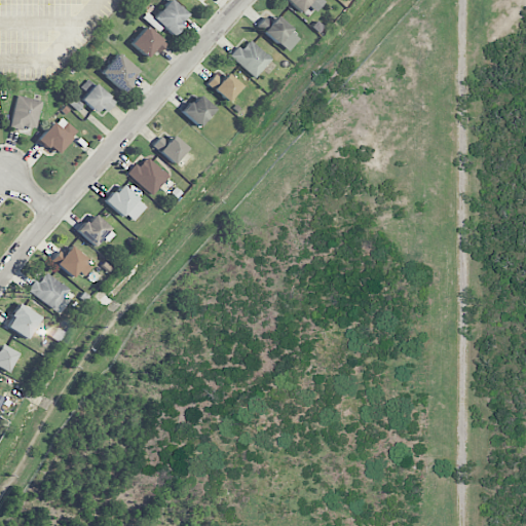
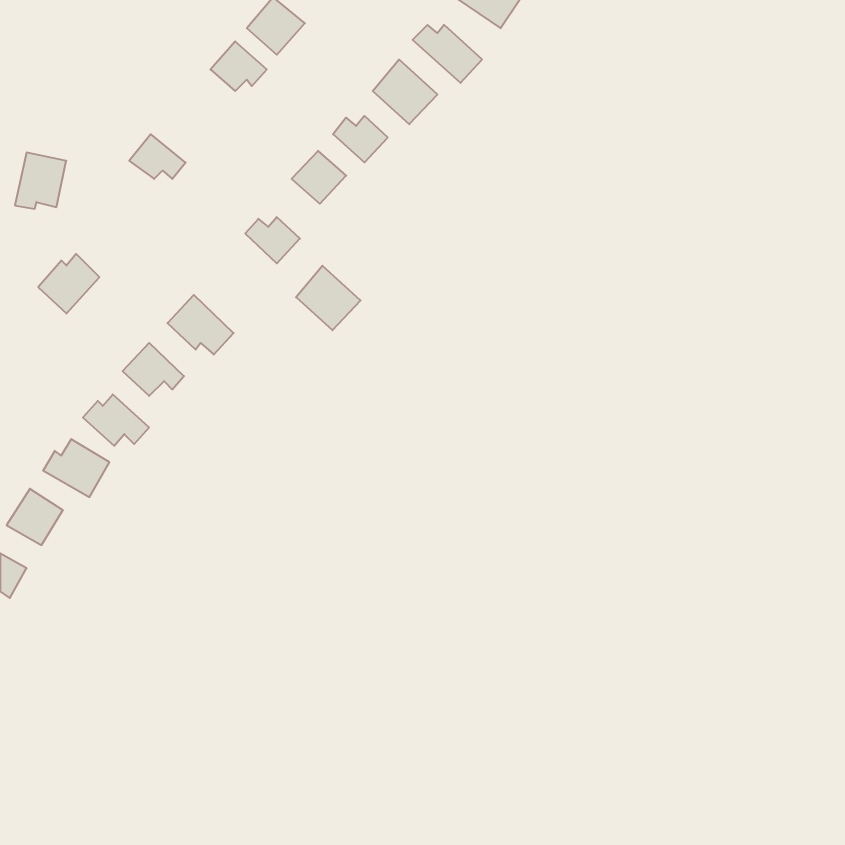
building: [102,52,140,90] -> none
building: [39,117,77,154] -> [38,254,99,314]
building: [129,154,170,194] -> [296,266,361,330]

